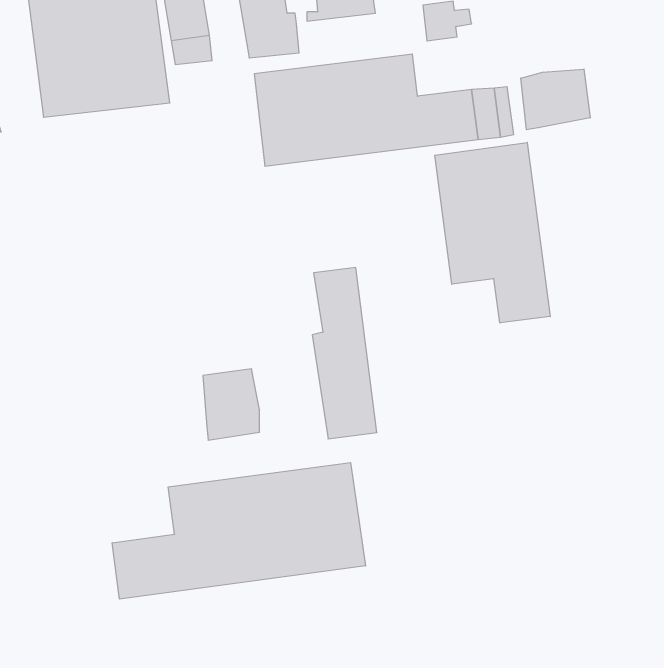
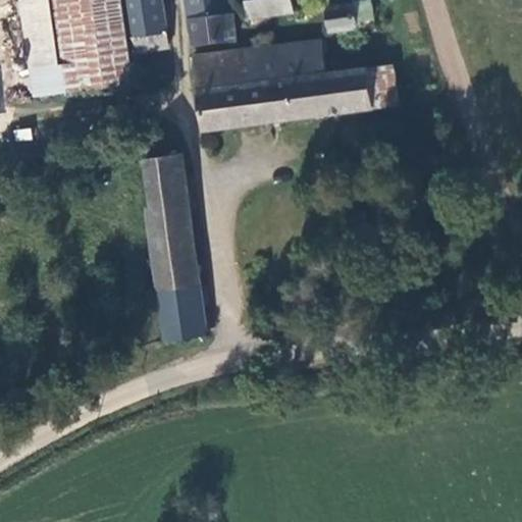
building: [521,69,590,130] -> none
building: [435,142,550,323] -> none
building: [312,268,377,439] -> [145,158,195,291]
building: [112,463,366,599] -> none

